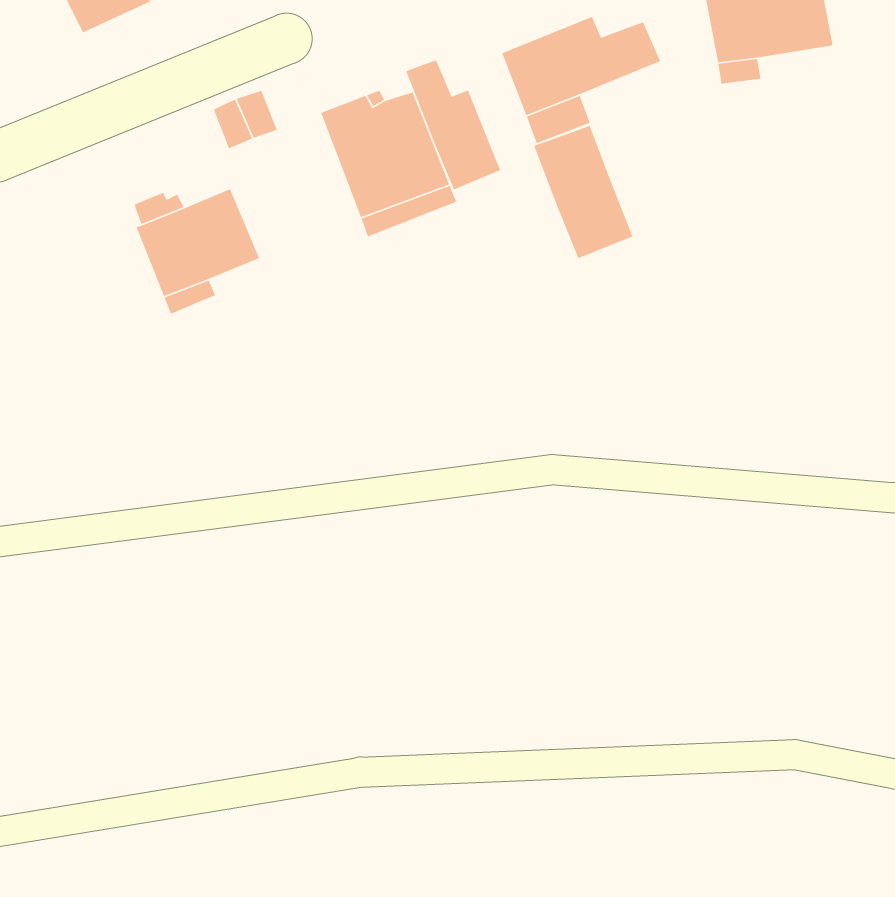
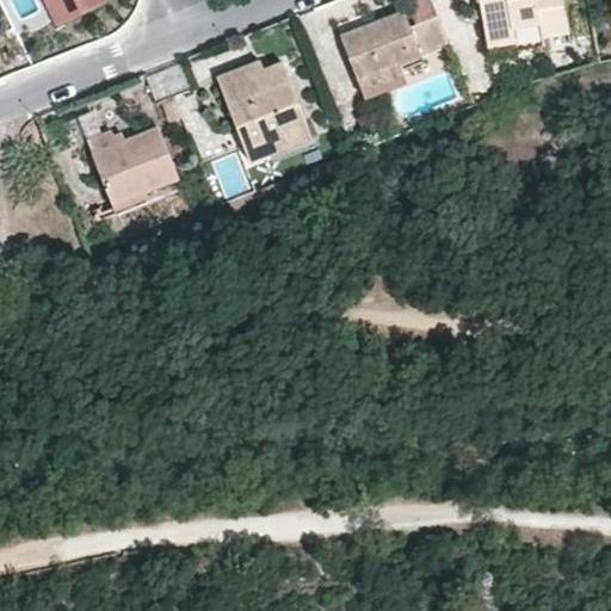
building: [405,59,501,191] -> none
building: [533,125,634,259] -> none

